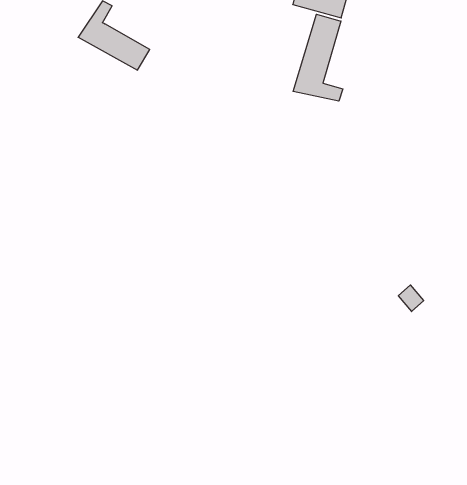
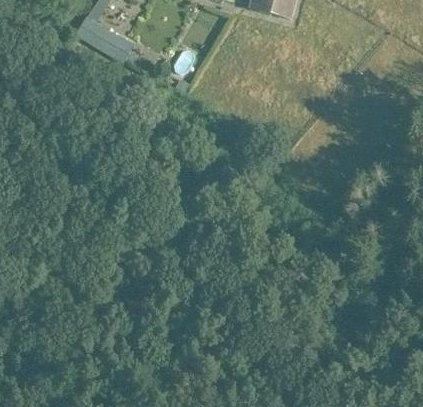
building: [293,14,343,101] -> none

